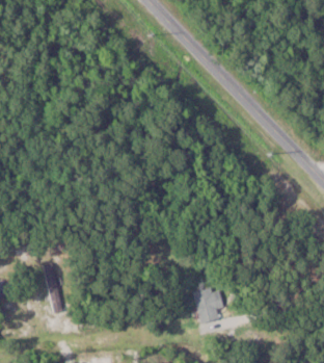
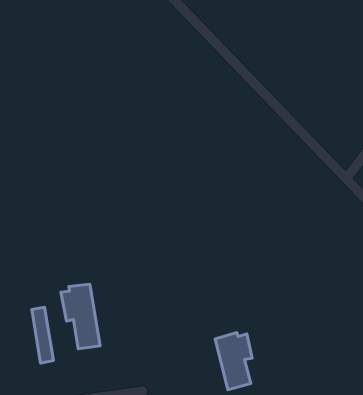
building: none -> [61,284,100,349]

